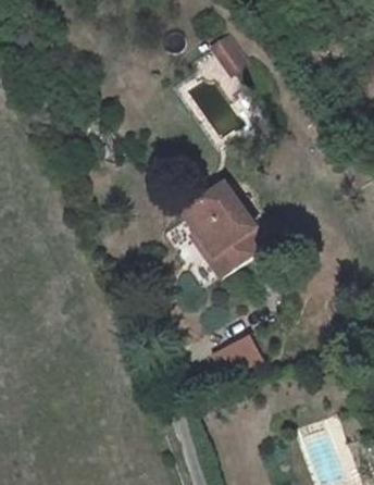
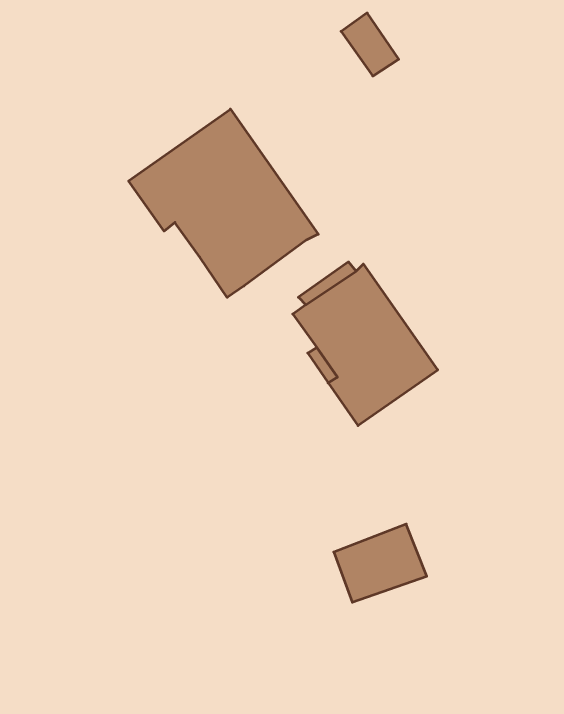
building: none -> [129,109,318,297]

